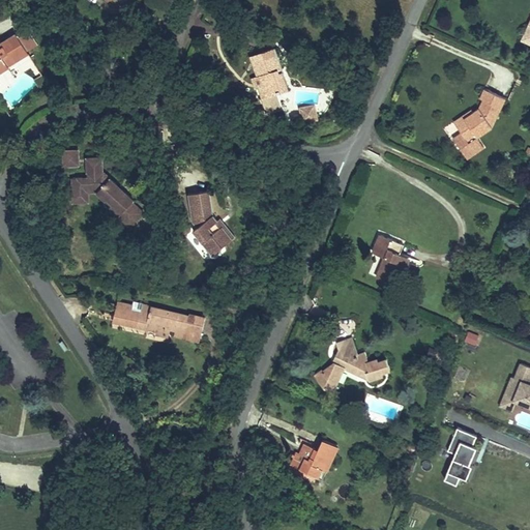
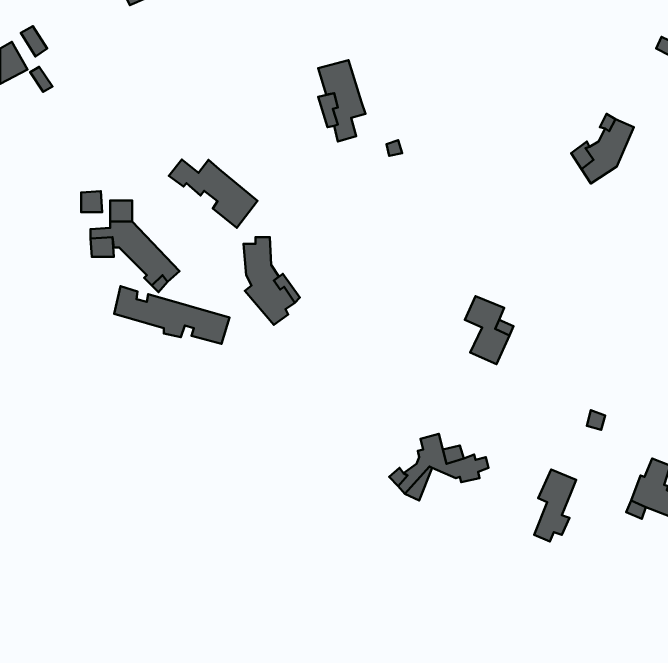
building: none -> [169,159,257,228]
building: [115,302,206,348] -> [114,286,229,344]
building: [445,422,478,479] -> [534,469,576,541]
building: [291,432,340,469] -> none

